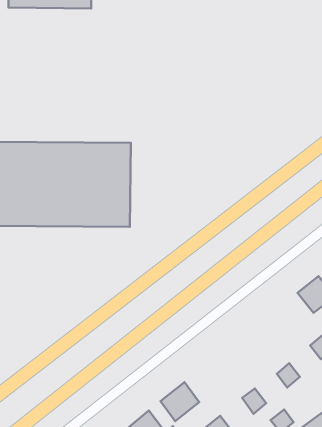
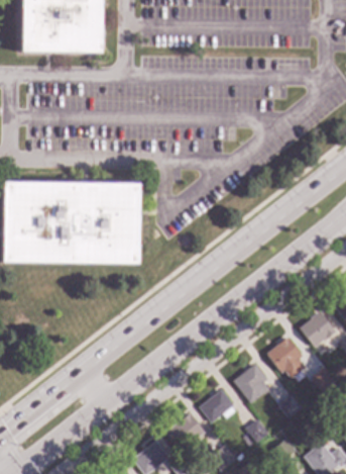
building: none -> [267,336,307,378]
building: none -> [234,363,269,402]
building: none -> [200,389,236,422]

